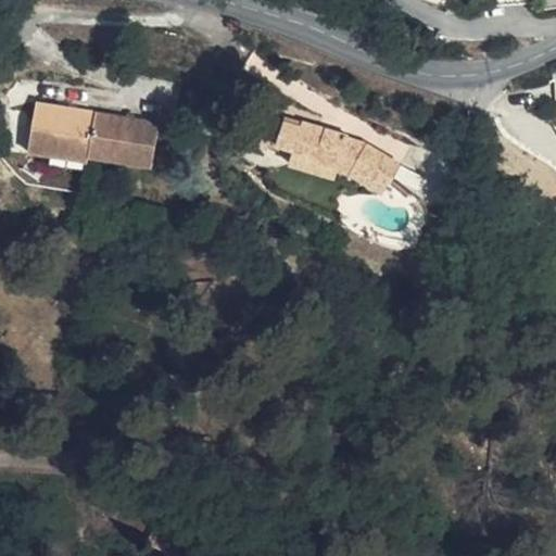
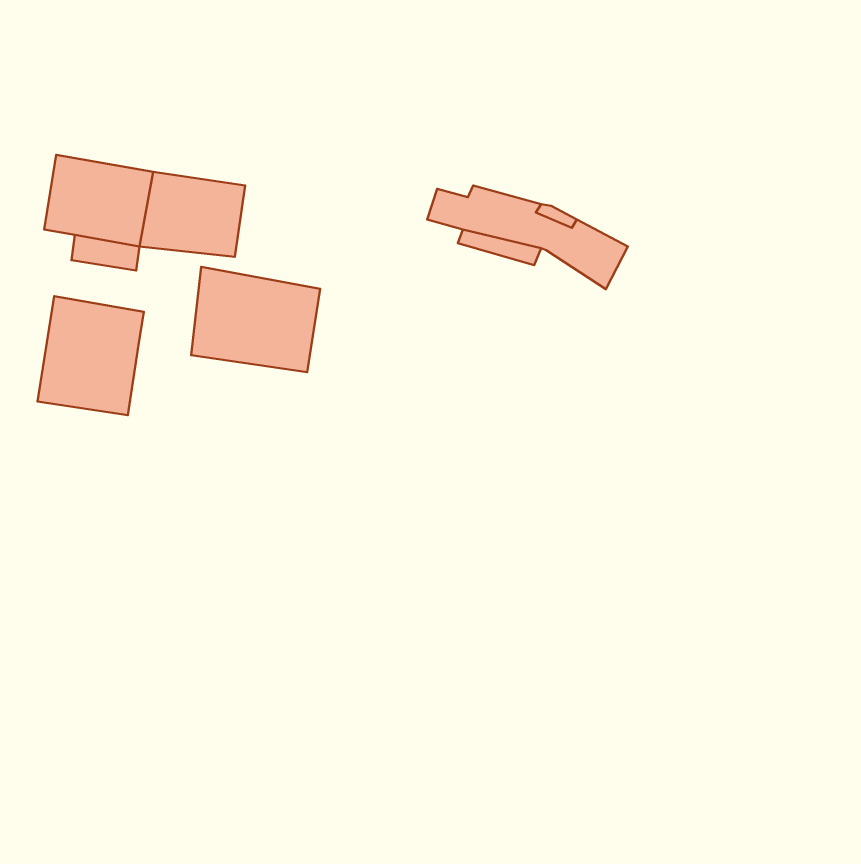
building: none -> [191,267,320,372]
building: none -> [37,296,144,415]

